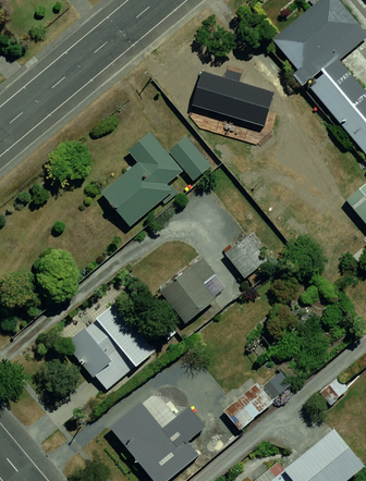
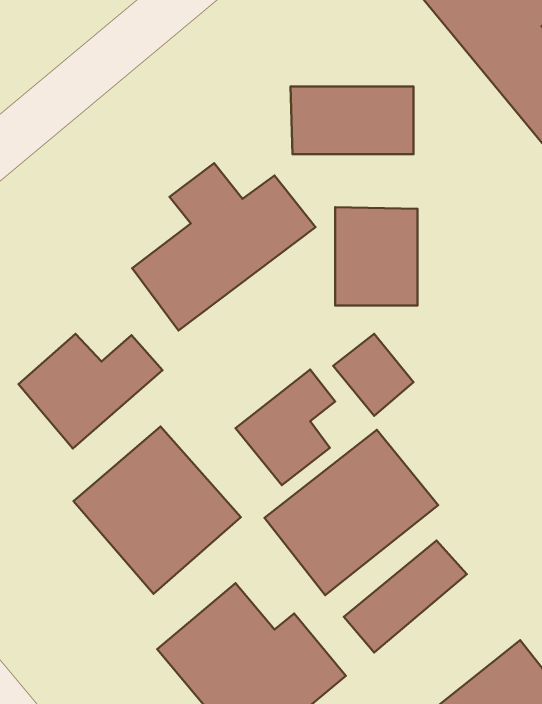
building: none -> [335,207,418,305]
building: none -> [18,334,162,449]
building: none -> [264,430,438,595]

